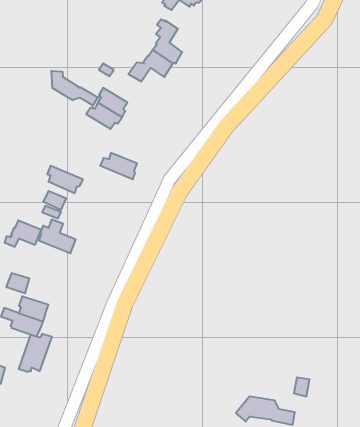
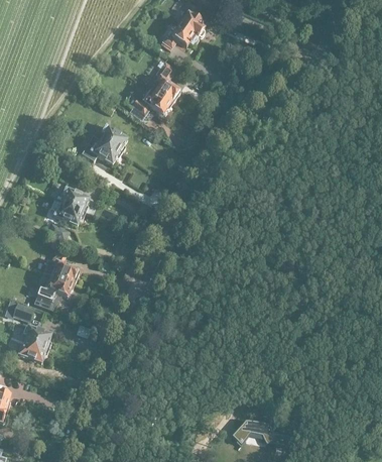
building: [51,71,98,105] -> none
building: [100,153,137,179] -> [53,188,89,213]
building: [4,220,41,247] -> [37,274,73,300]
building: [19,334,52,372] -> none

